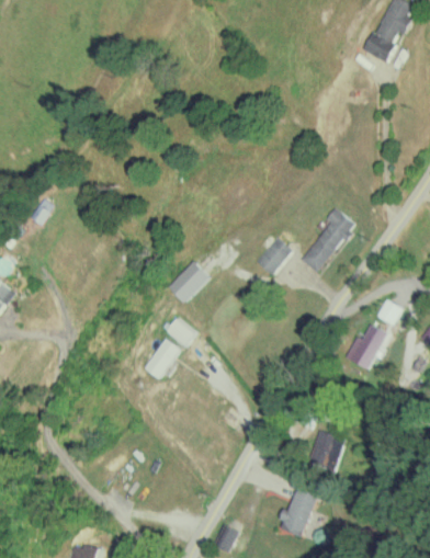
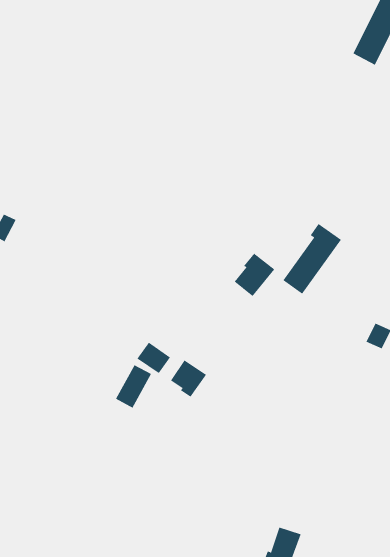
building: [168,261,210,304] -> none
building: [346,324,388,369] -> none
building: none -> [170,360,207,398]
building: [308,431,343,470] -> none

